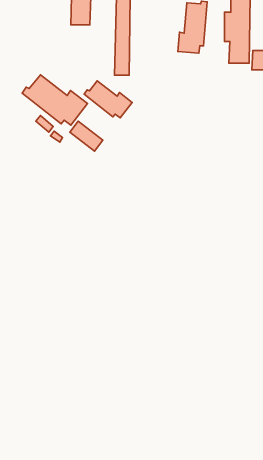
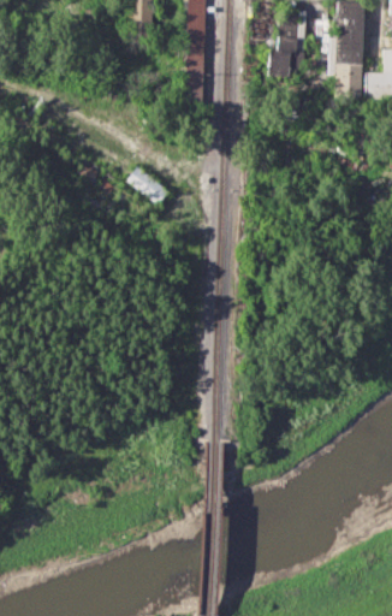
building: [22,75,88,125] -> none
building: [84,81,132,118] -> none

